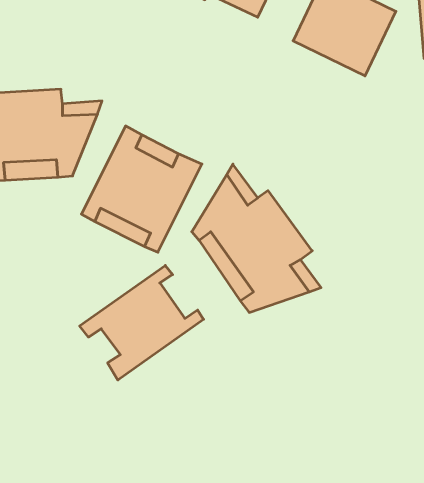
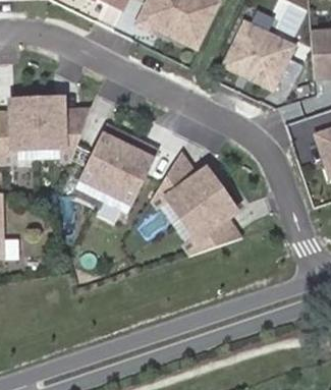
building: [80,265,204,380] -> none

